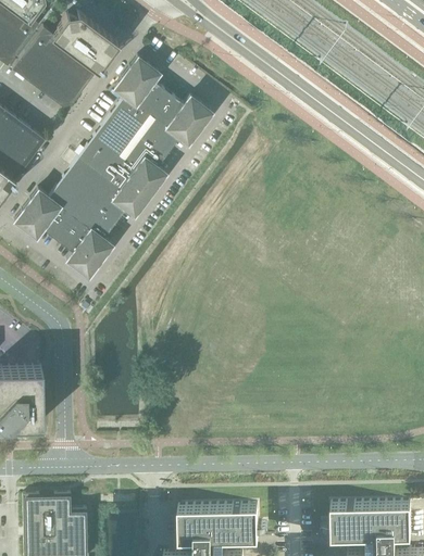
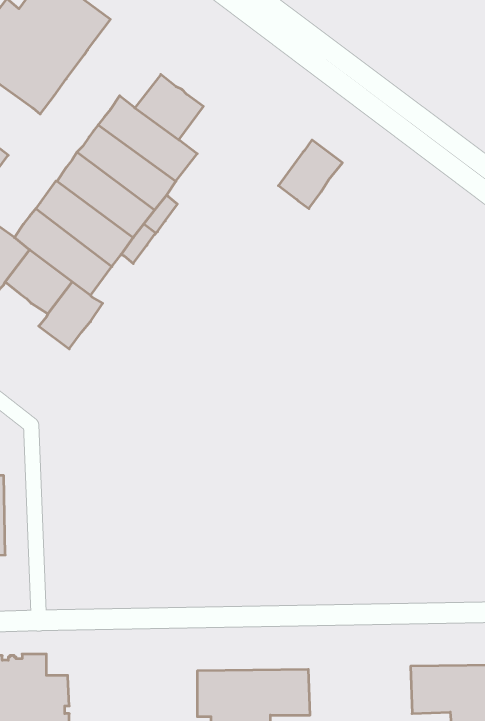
building: [114,56,160,105] -> none
building: [166,96,212,144] -> [278,140,342,209]

